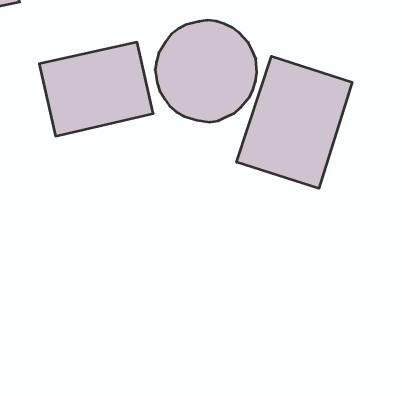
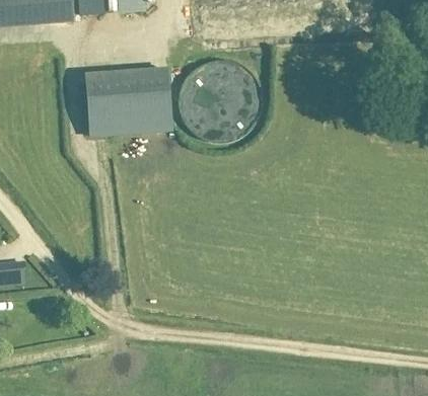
building: [237,56,352,188] -> none

